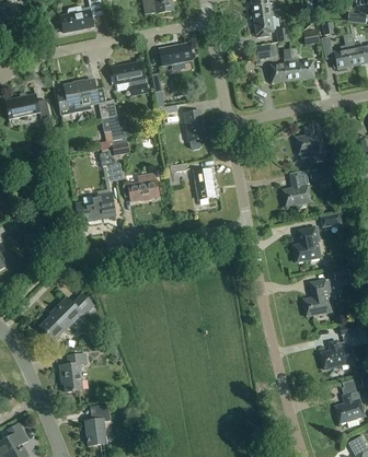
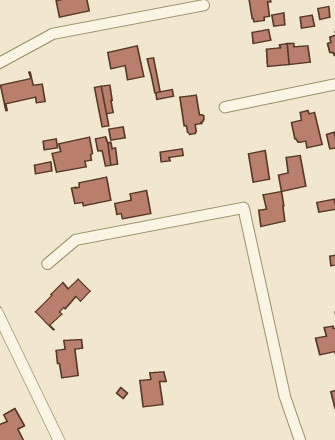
building: [159,44,193,66] -> none
building: [57,80,97,115] -> [52,137,93,172]
building: [194,168,215,200] -> [249,151,269,182]
building: [123,173,159,201] -> [115,190,151,219]
building: [294,227,320,262] -> [259,191,285,227]
building: [303,279,332,316] -> none
building: [84,411,111,446] -> [140,372,166,407]

